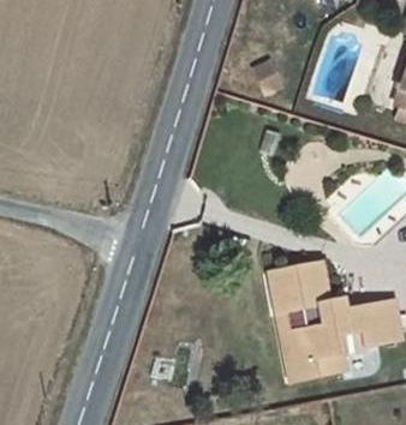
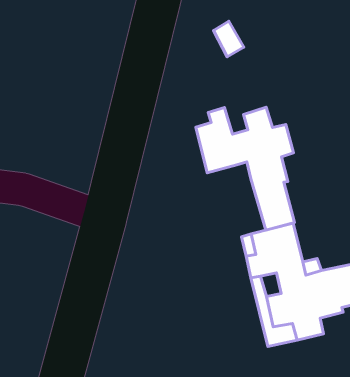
building: none -> [196,107,294,230]

